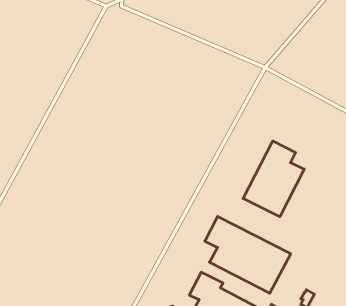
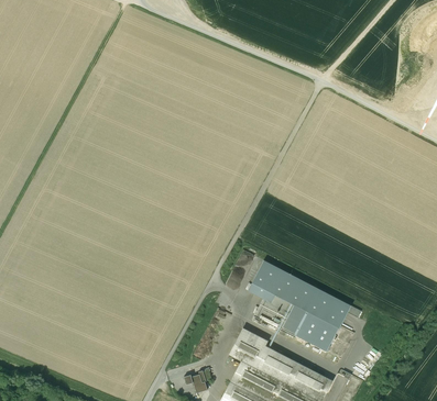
building: [243,141,304,217] -> none

